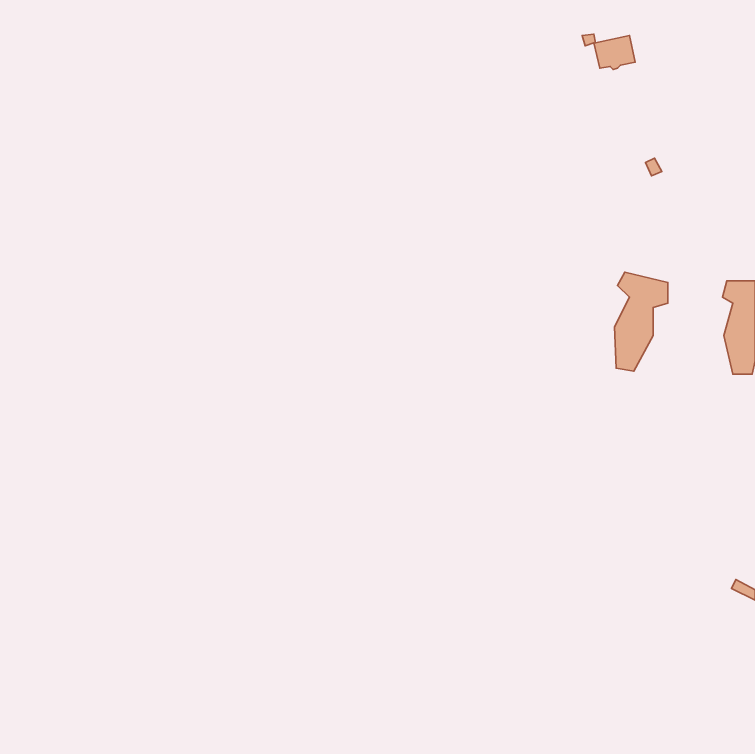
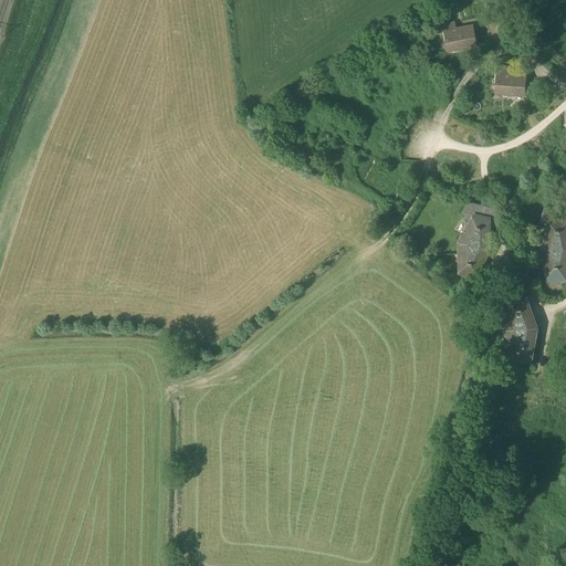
building: none -> [495,69,524,98]
building: none -> [505,302,535,361]

